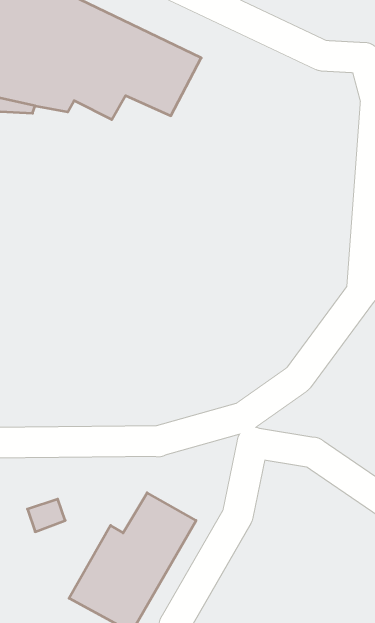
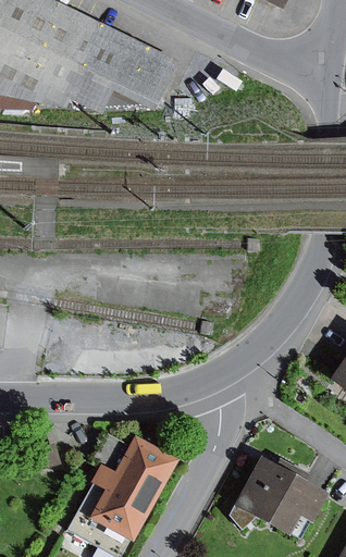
building: none -> [235,456,325,532]

